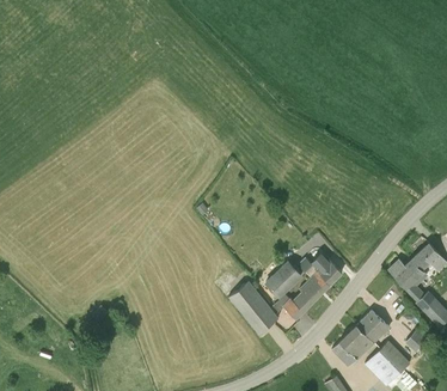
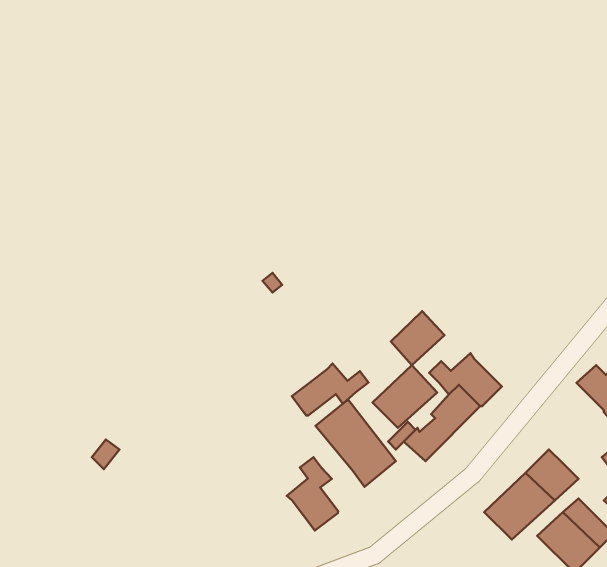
building: none -> [391,311,444,365]
building: none -> [292,363,368,415]
building: none -> [287,457,338,531]

